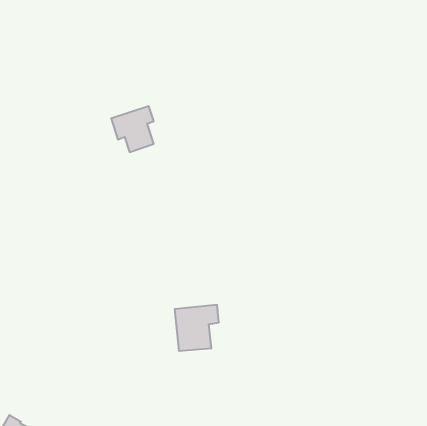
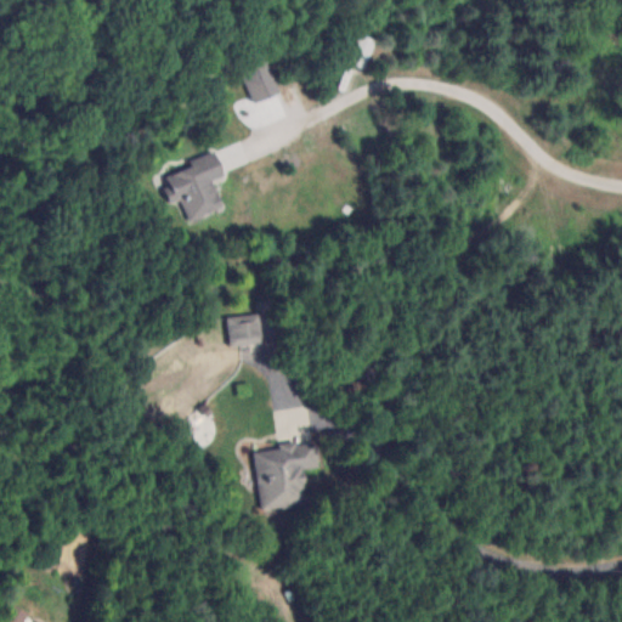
building: none -> [242,62,279,104]
building: none -> [227,310,264,349]

